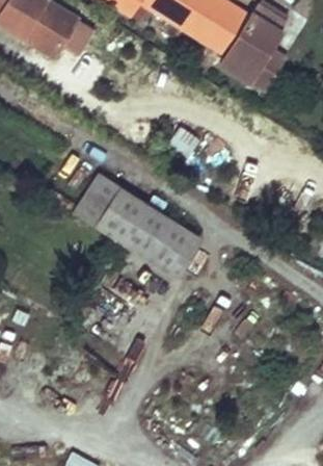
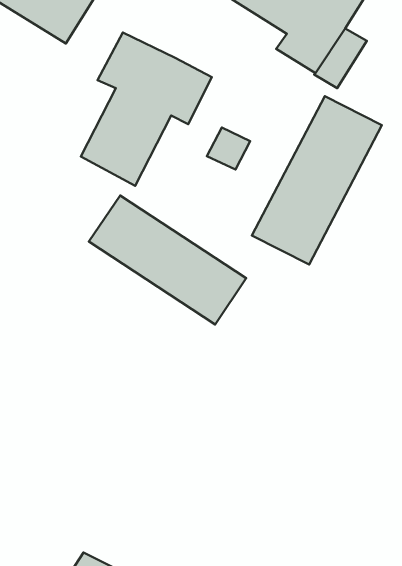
building: none -> [81,32,212,186]
building: none -> [252,96,382,265]

